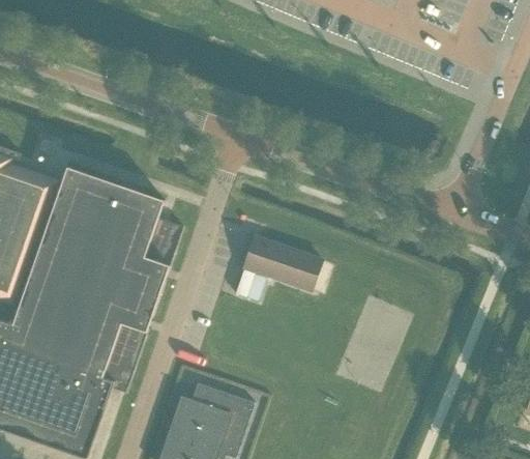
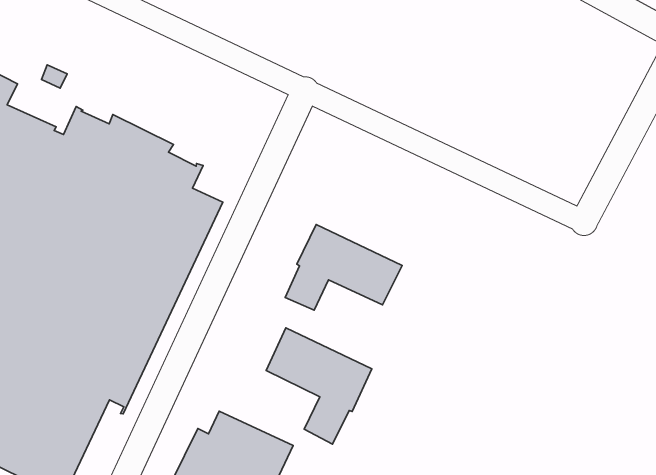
building: none -> [266,328,372,444]

